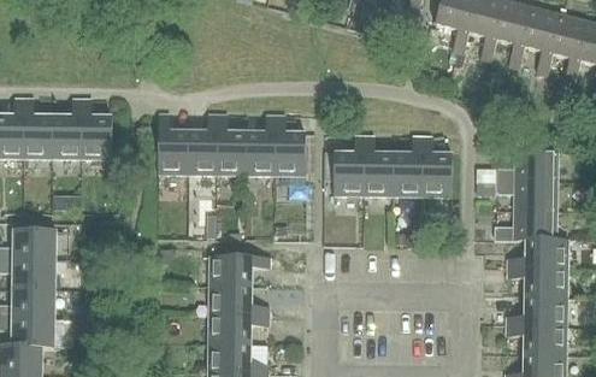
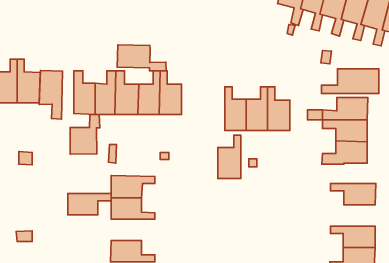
building: none -> [117,45,166,71]
building: none -> [321,69,379,94]
building: none -> [39,70,62,119]
building: [331,136,362,195] -> [218,135,241,179]
building: none -> [70,114,100,154]
building: [506,240,567,267] -> none
building: [506,296,566,325] -> none
building: [208,316,267,344] -> [68,194,111,215]

